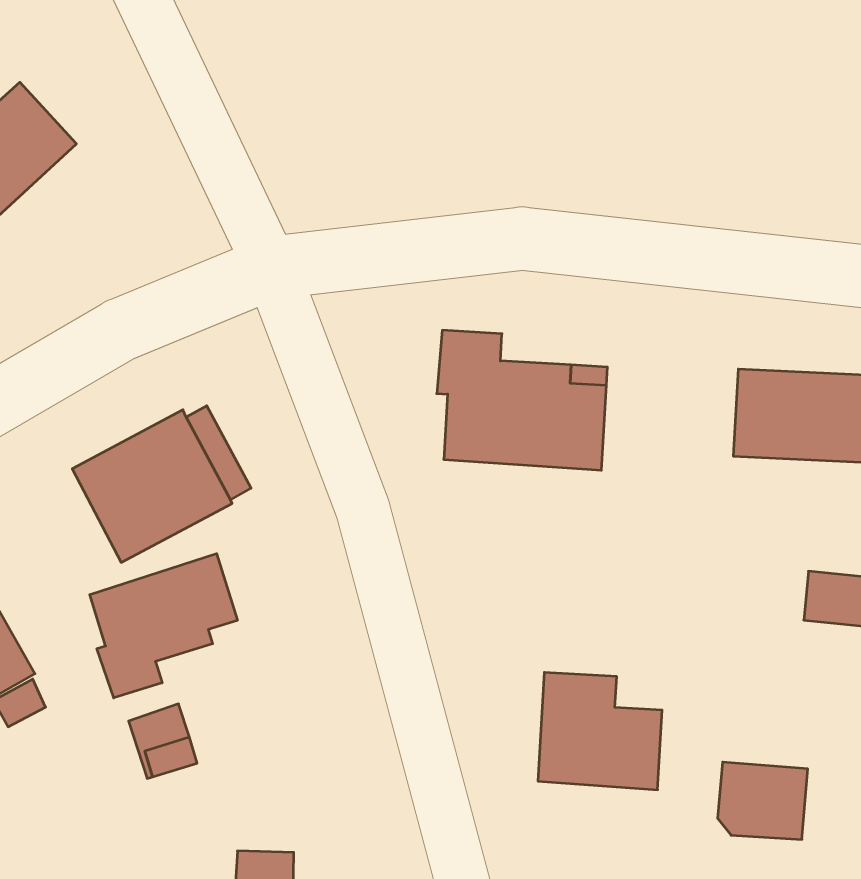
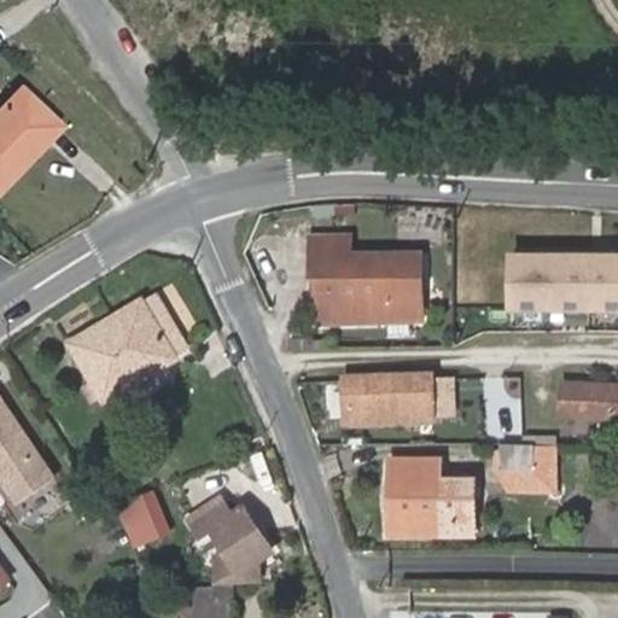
building: none -> [344,375,453,421]
building: [90,554,237,698] -> none
building: none -> [193,500,272,584]
building: [718,762,808,839] -> [500,442,558,490]

